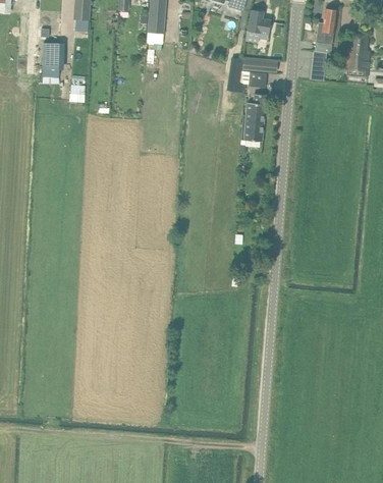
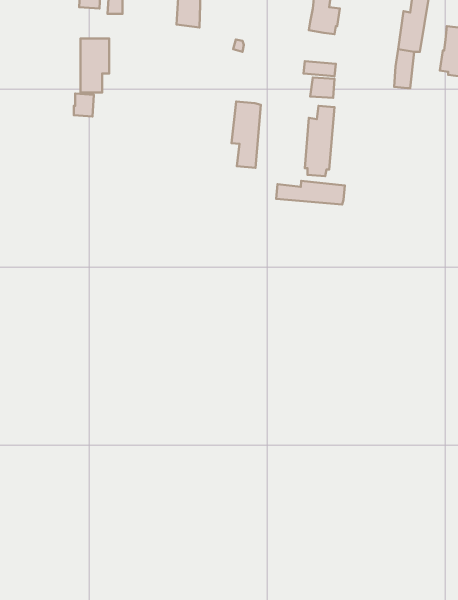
building: [42,41,63,82] -> [81,38,109,92]
building: none -> [232,102,261,168]
building: none -> [276,181,345,205]

